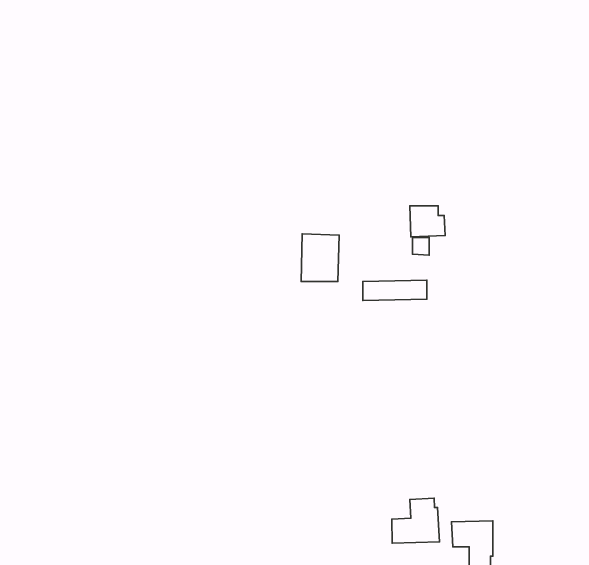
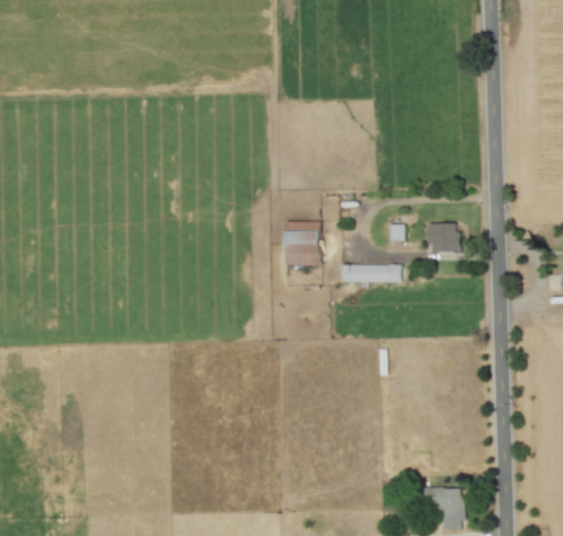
building: [410,206,445,237] -> [428,223,461,252]
building: [392,498,439,543] -> none

